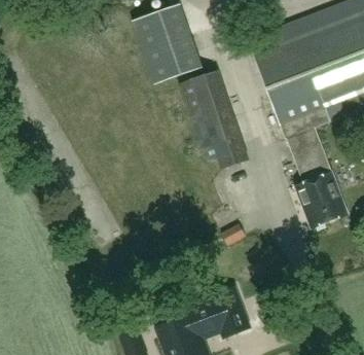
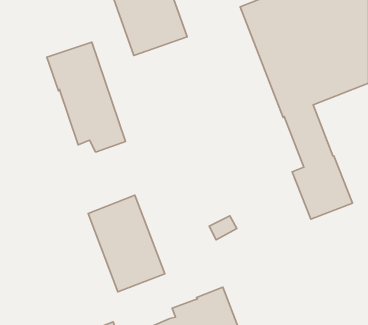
building: [179,70,249,168] -> [47,42,125,152]
building: none -> [88,195,165,292]

